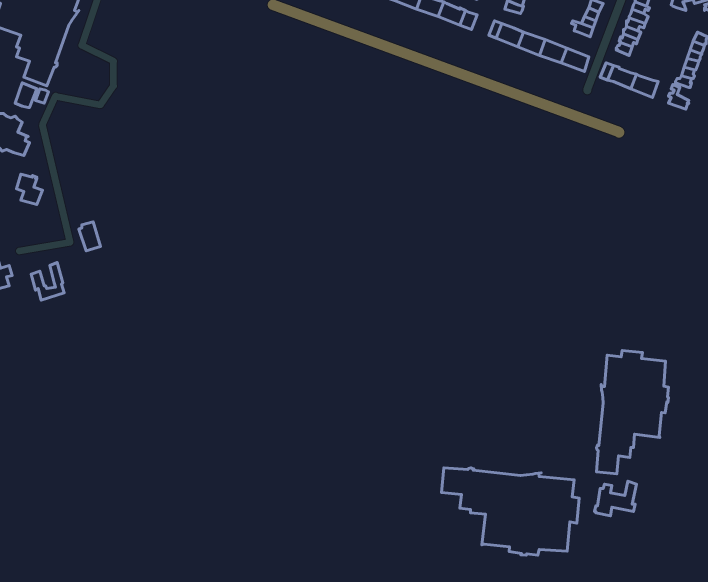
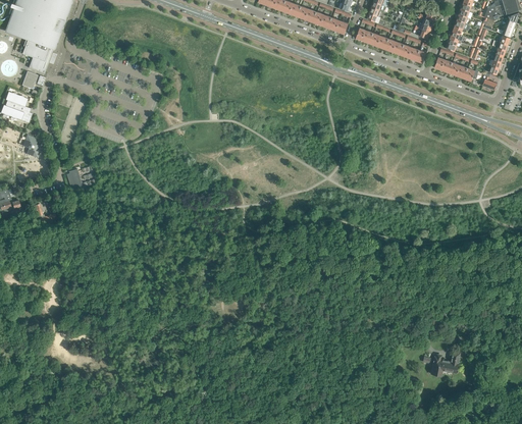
building: [597,350,669,474] -> none
building: [441,468,579,555] -> none

